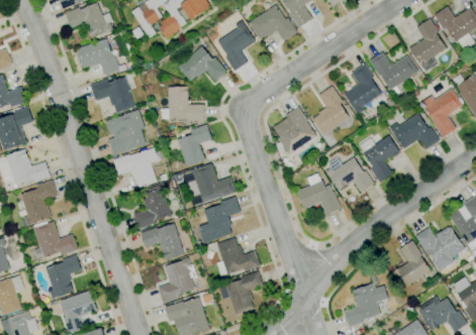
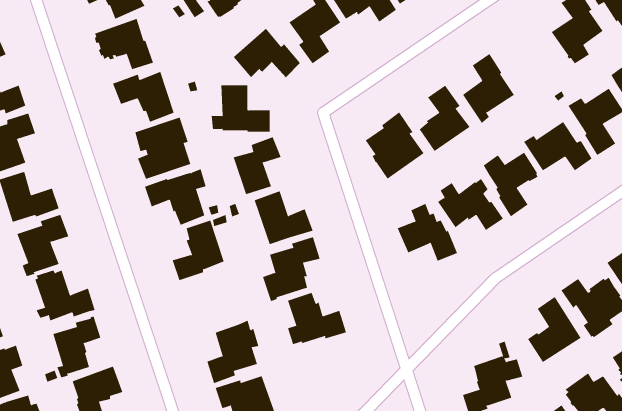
building: [369,52,417,90] -> none
building: [140,223,184,260] -> none
building: [219,271,263,315] -> none

